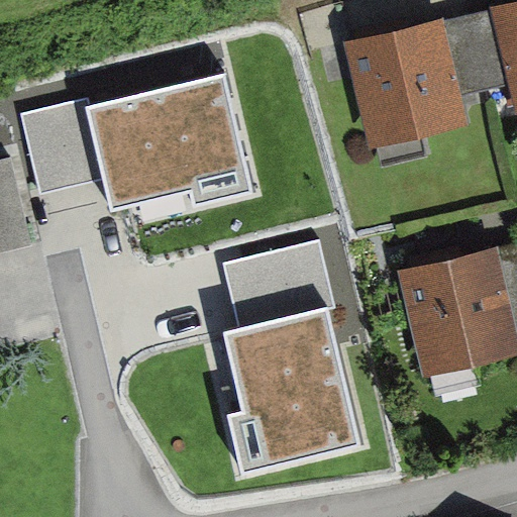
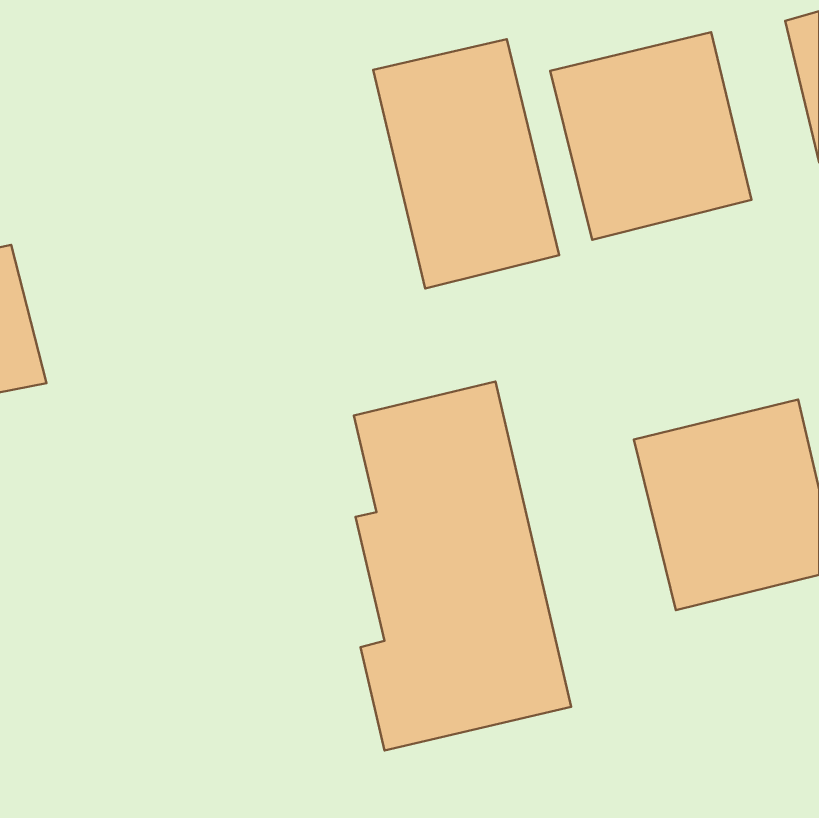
building: none -> [373,39,559,288]
building: [21,69,250,202] -> none

